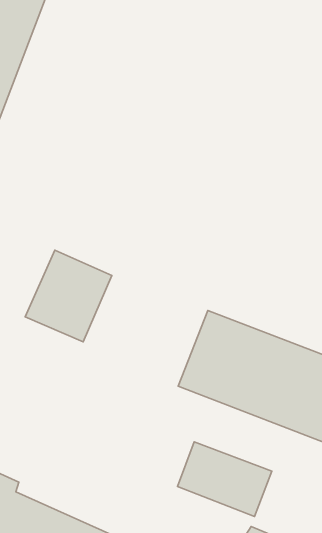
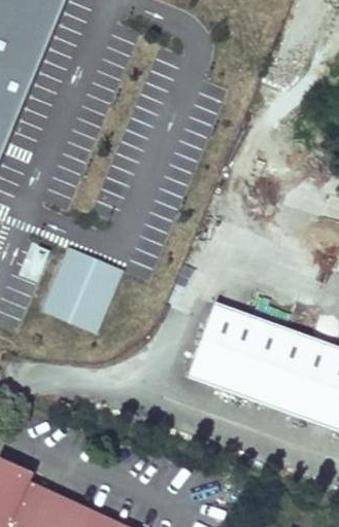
building: [178,442,272,516] -> none

